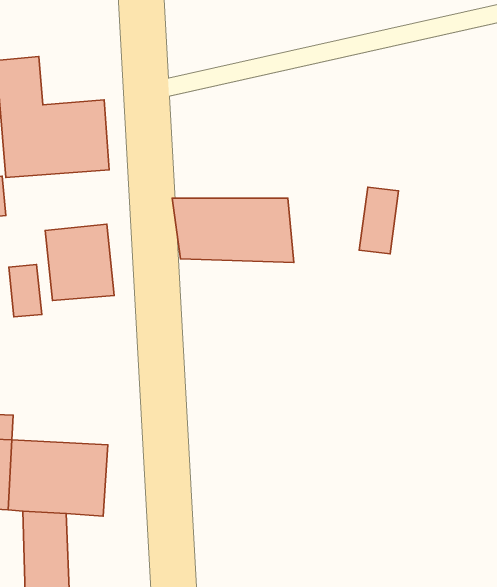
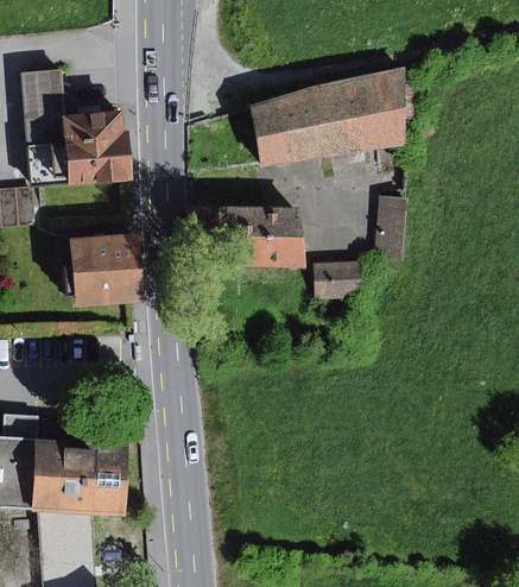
building: none -> [253,68,406,166]
building: none -> [314,260,360,298]
building: [9,265,42,317] -> none

